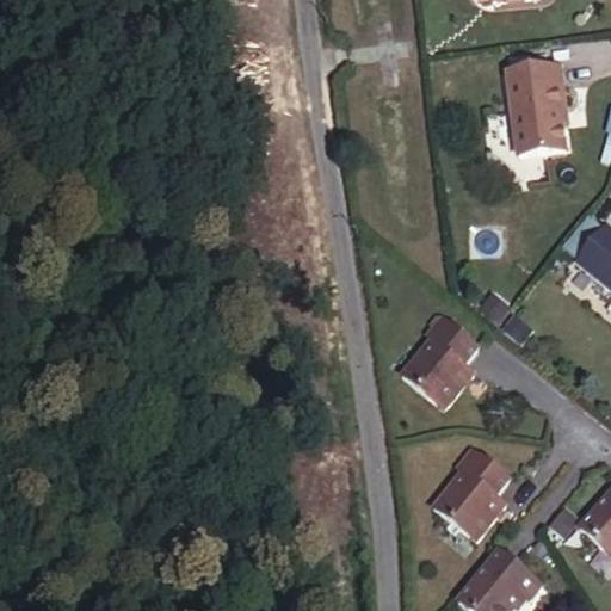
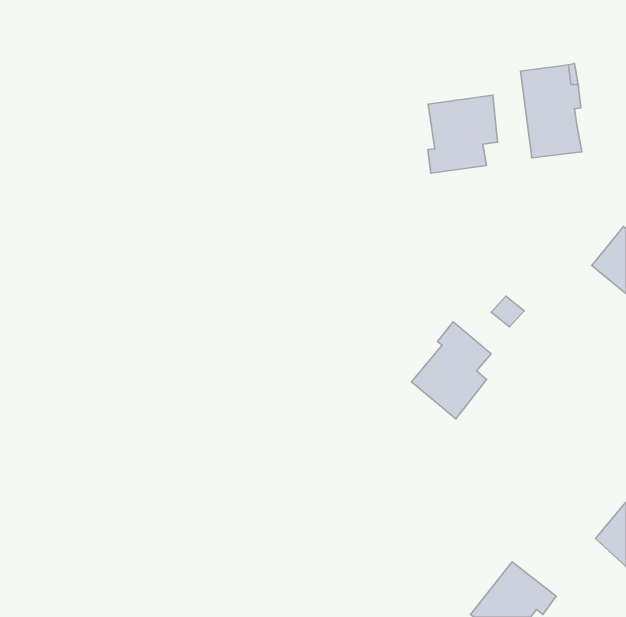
building: none -> [428,95,498,173]
building: [433,445,510,539] -> none

